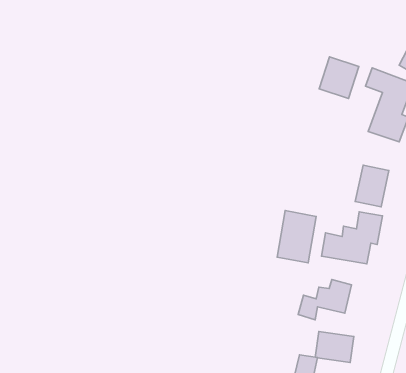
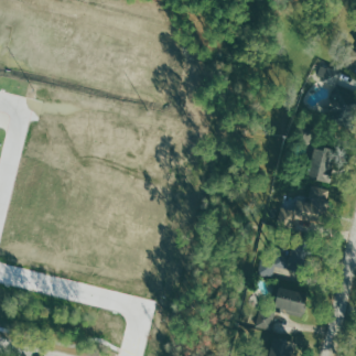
building: [319,57,359,99] -> none
building: [277,211,316,263] -> none

